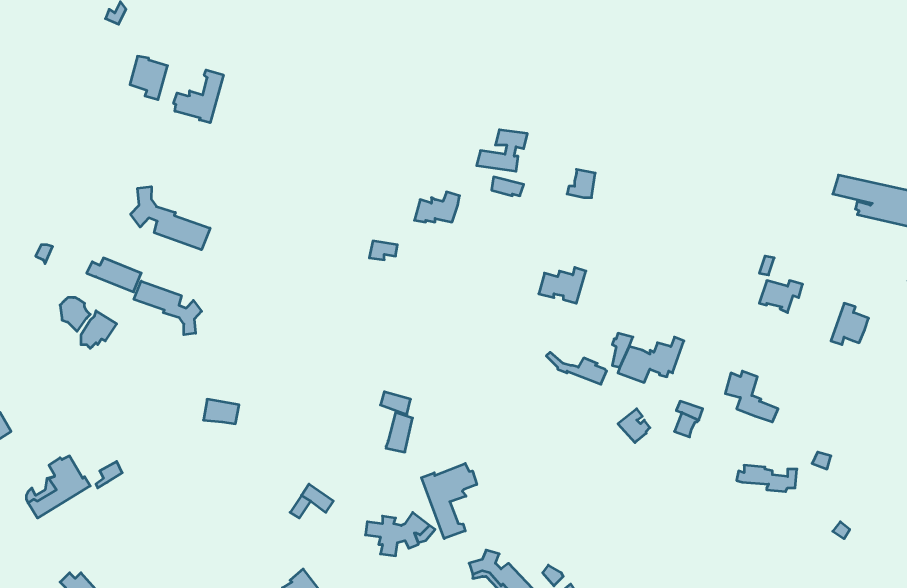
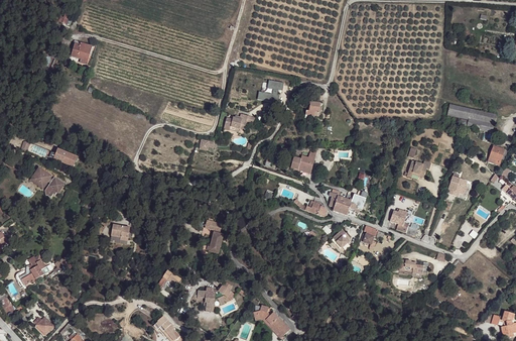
building: [174,70,223,123] -> none
building: [131,187,210,250] -> none
building: [134,281,202,335] -> none
building: [421,463,477,539] -> none

